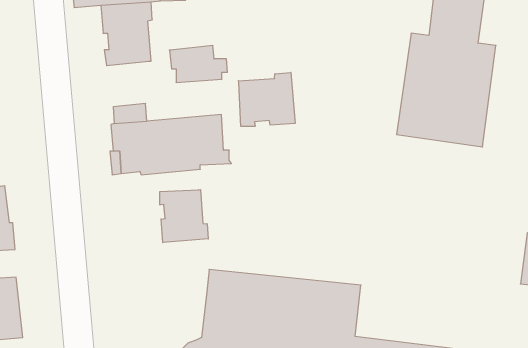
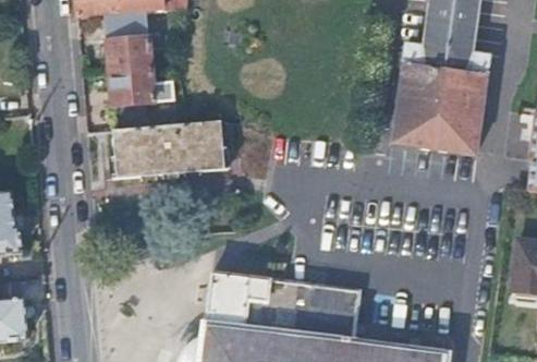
building: [169,46,227,82] -> [108,70,164,106]
building: [238,72,295,126] -> none
building: [160,190,208,243] -> none

